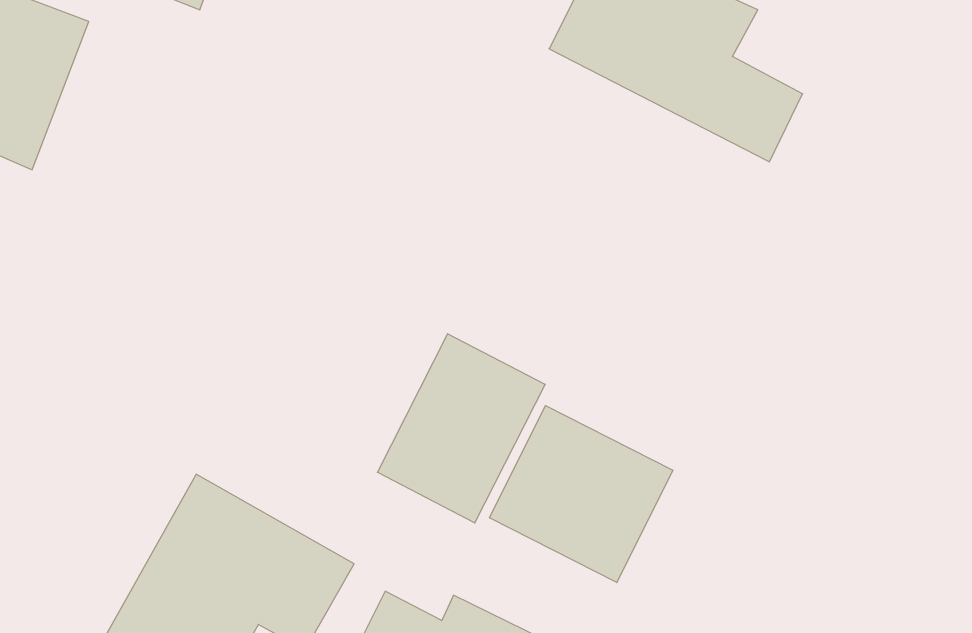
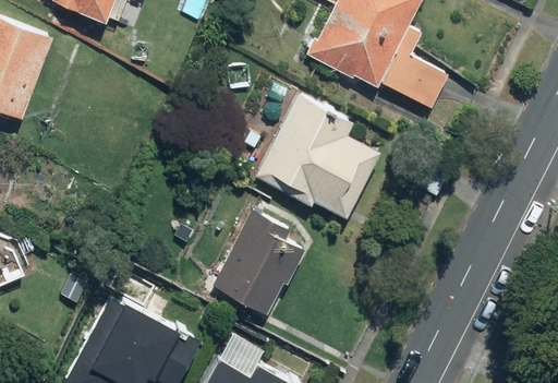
building: none -> [256,95,377,222]
building: [490,406,673,583] -> none

